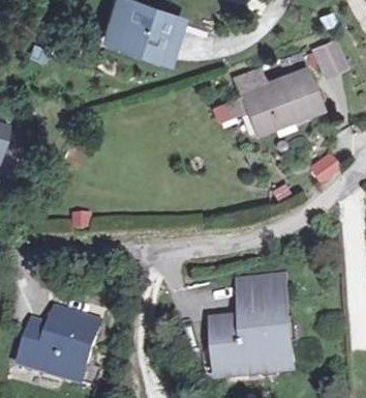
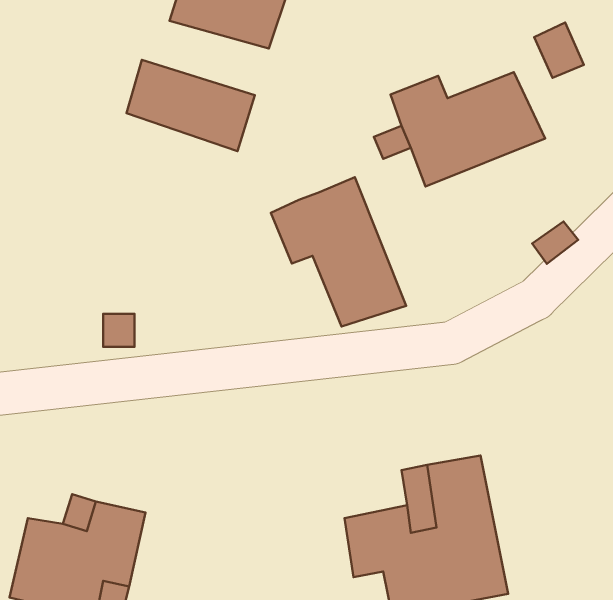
building: none -> [127,60,255,151]
building: none -> [271,177,406,326]

